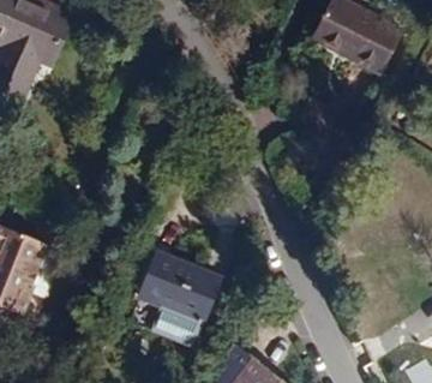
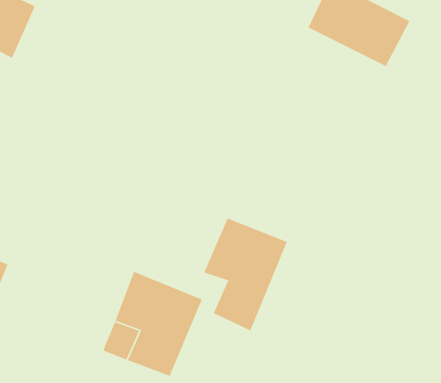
building: none -> [203,217,288,331]

